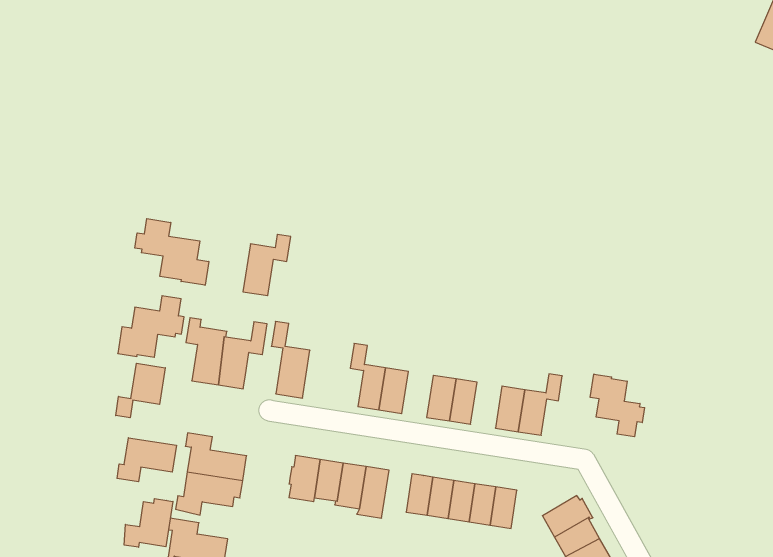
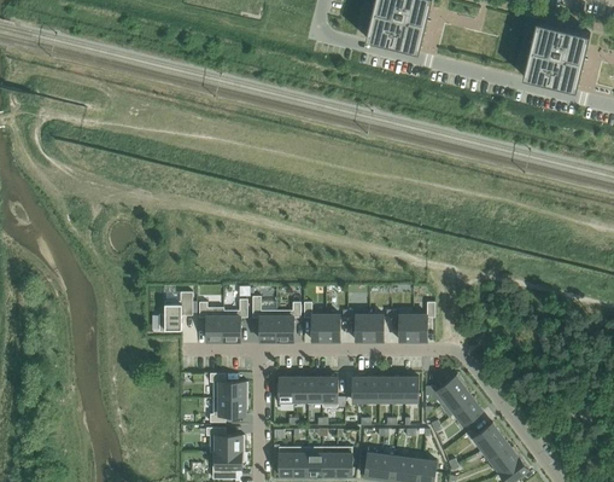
building: [135,219,209,285] -> none
building: [243,234,291,296] -> [276,302,300,341]
building: [116,363,165,418] -> none
building: [590,374,645,437] -> none
building: [117,438,176,482] -> none
building: [124,499,173,547] -> none

